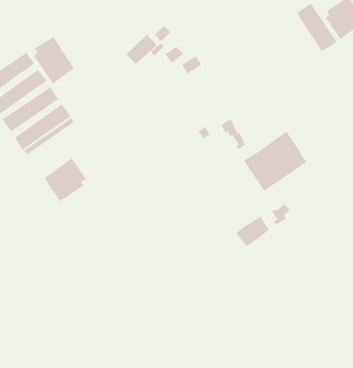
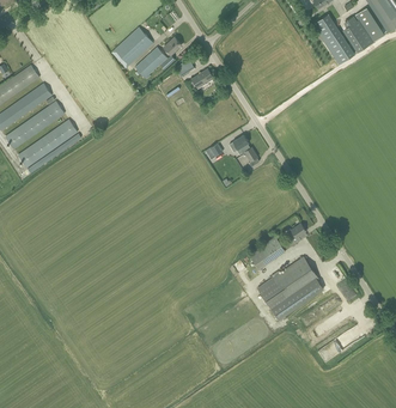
building: none -> [111,26,153,68]
building: [34,36,75,85] -> none
building: [243,131,307,192] -> [257,256,324,319]
building: [44,158,86,202] -> none

